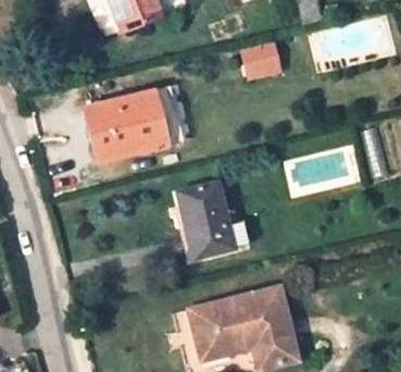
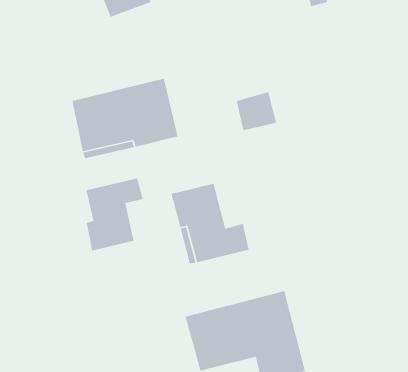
building: [242,42,280,79] -> [236,91,277,131]
building: none -> [86,177,144,251]

